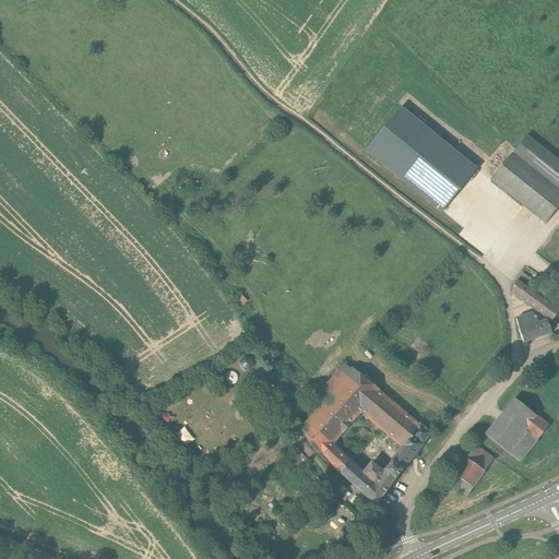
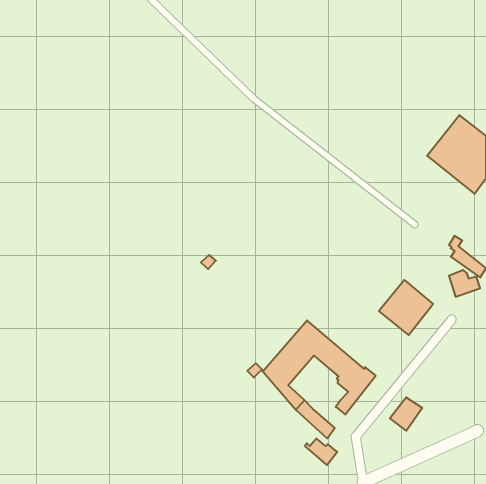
building: [370,105,477,204] -> none
building: [486,396,548,460] -> [379,280,433,335]
building: [359,461,396,491] -> [305,438,337,465]

